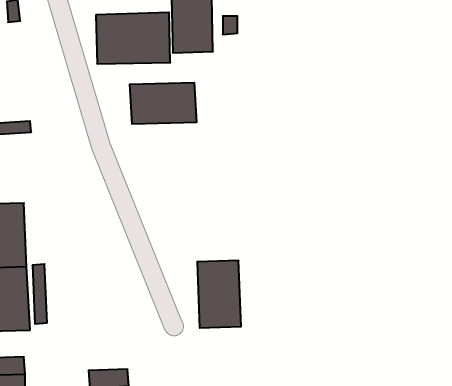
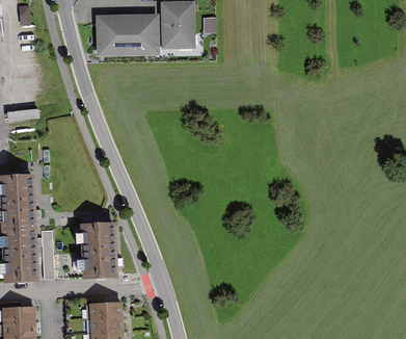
building: [130,83,196,124] -> none
building: [197,261,241,328] -> [79,223,116,280]
building: none -> [88,301,121,317]

